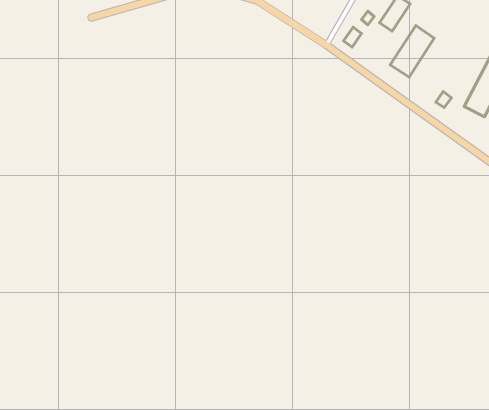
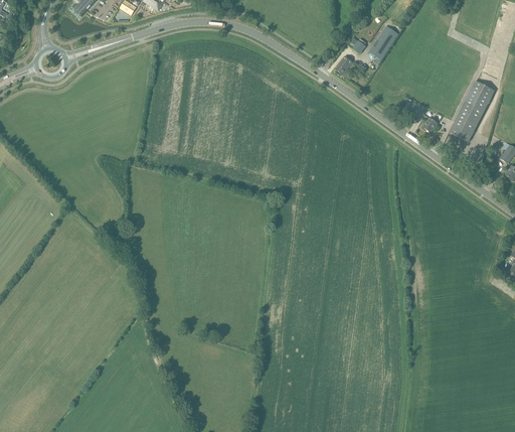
building: [390,26,434,77] -> none

